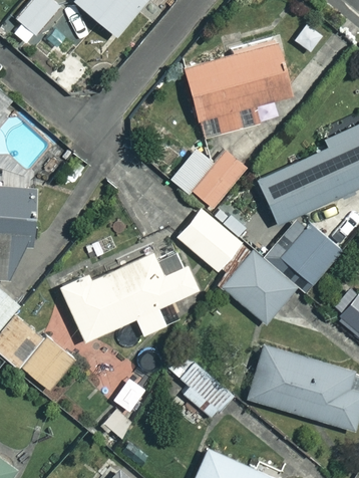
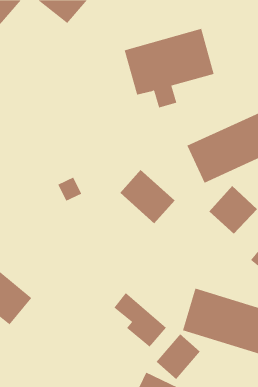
building: [171,150,253,213] -> none
building: [60,252,199,341] -> none
building: [225,253,298,325] -> none
building: none -> [156,334,201,380]

